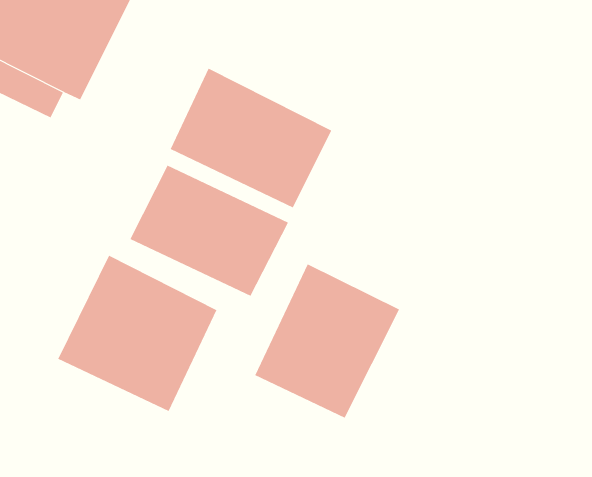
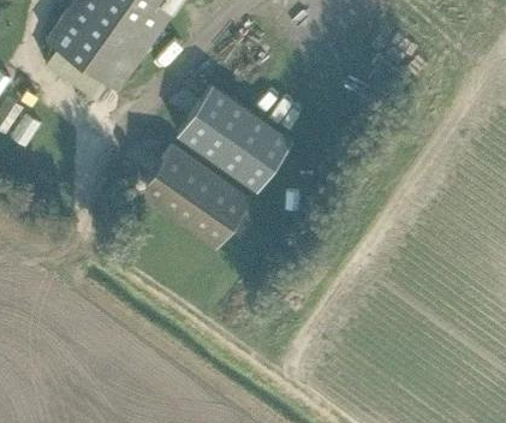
building: [58,255,217,412] -> none
building: [255,263,400,418] -> none

